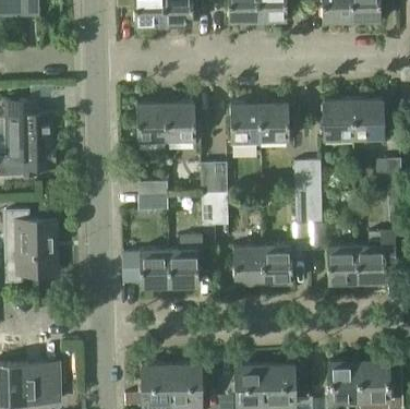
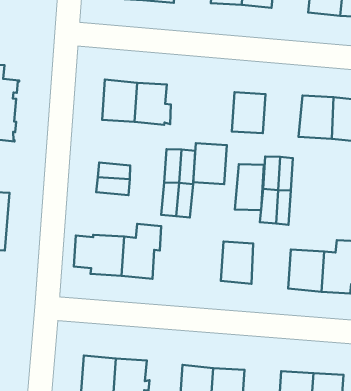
building: [230,104,261,142] -> [193,143,227,184]
building: none -> [235,164,264,210]
building: [233,245,264,284] -> none

